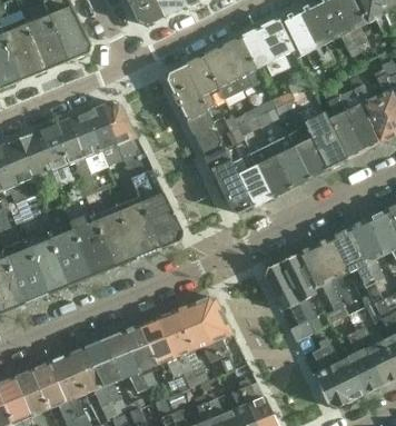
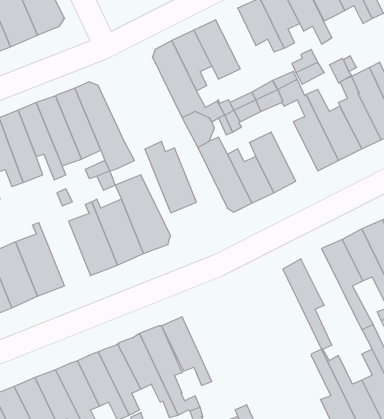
building: [221,37,261,89] -> none
building: [269,135,309,186] -> none
building: [69,215,113,276] -> [145,141,196,212]
building: [295,244,348,324] -> none
building: [263,261,313,340] -> none
building: [192,296,235,373] -> none

